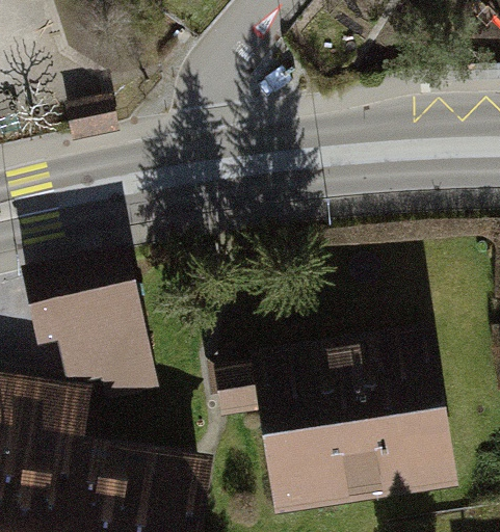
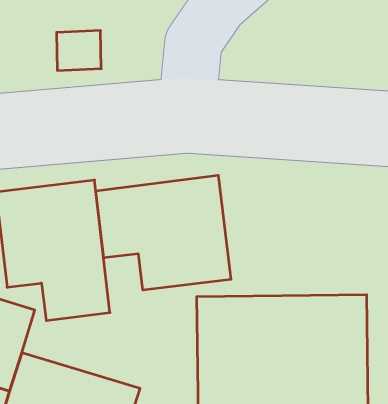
building: none -> [96,175,231,290]

